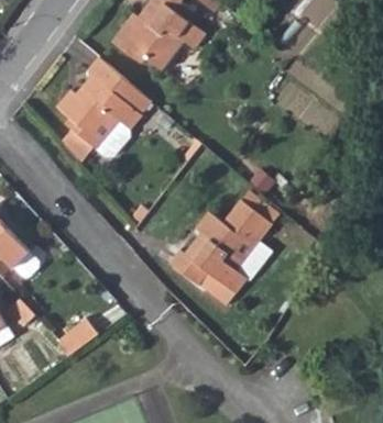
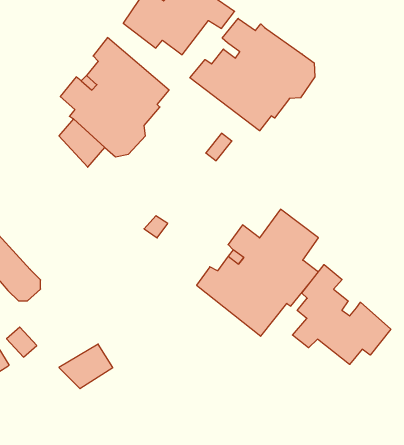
building: none -> [190,18,315,131]
building: none -> [292,265,391,364]

